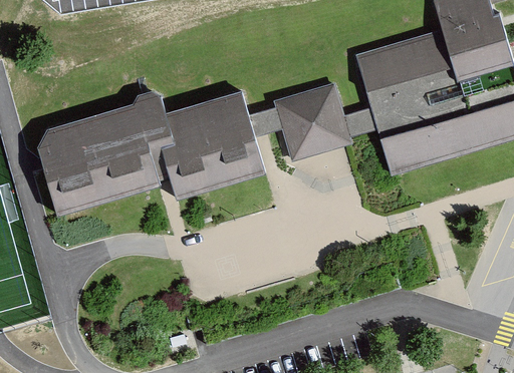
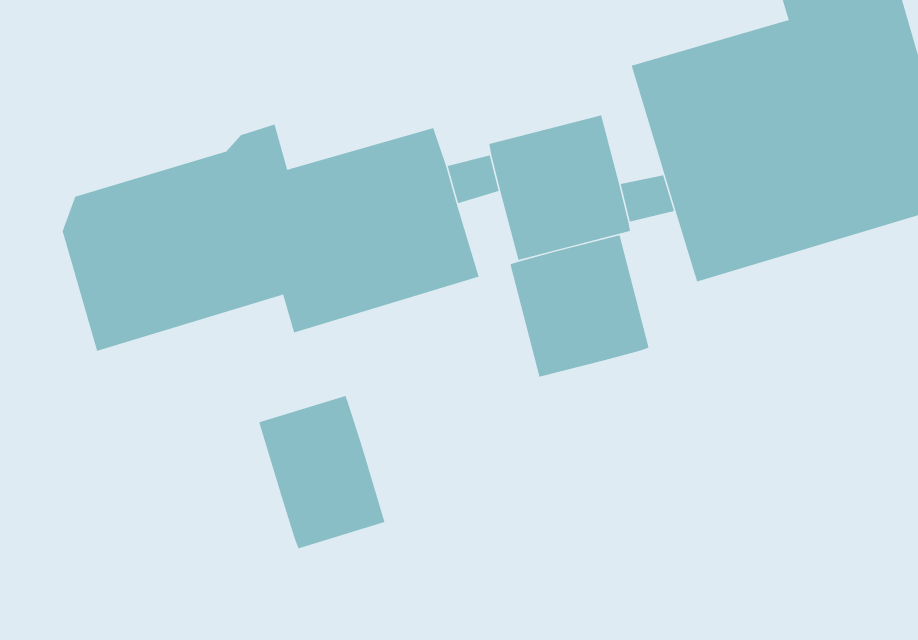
building: none -> [510,234,649,377]
building: none -> [259,395,385,549]

